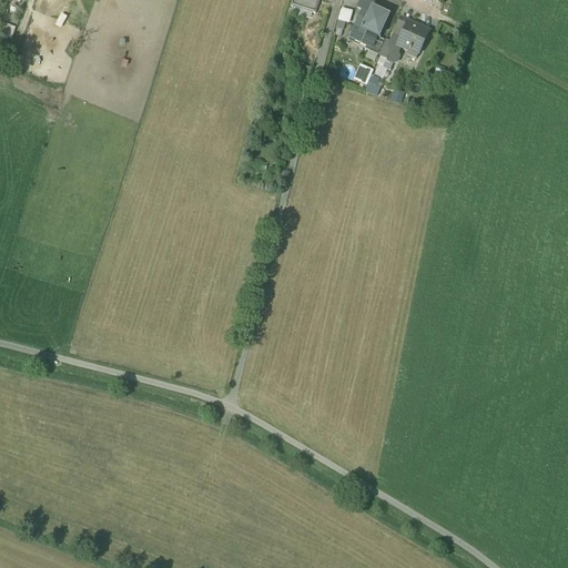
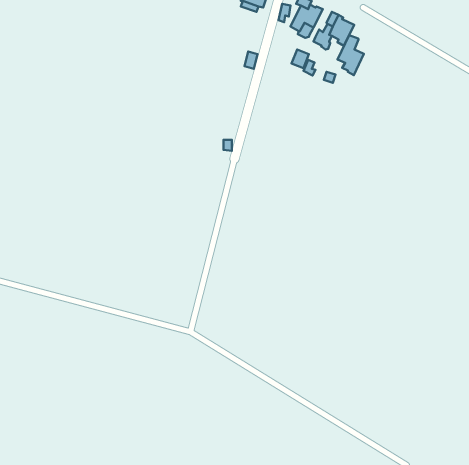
building: none -> [337,35,364,75]

